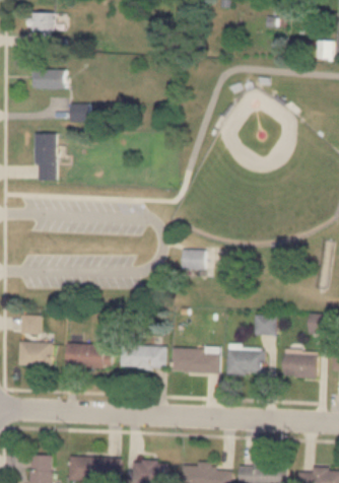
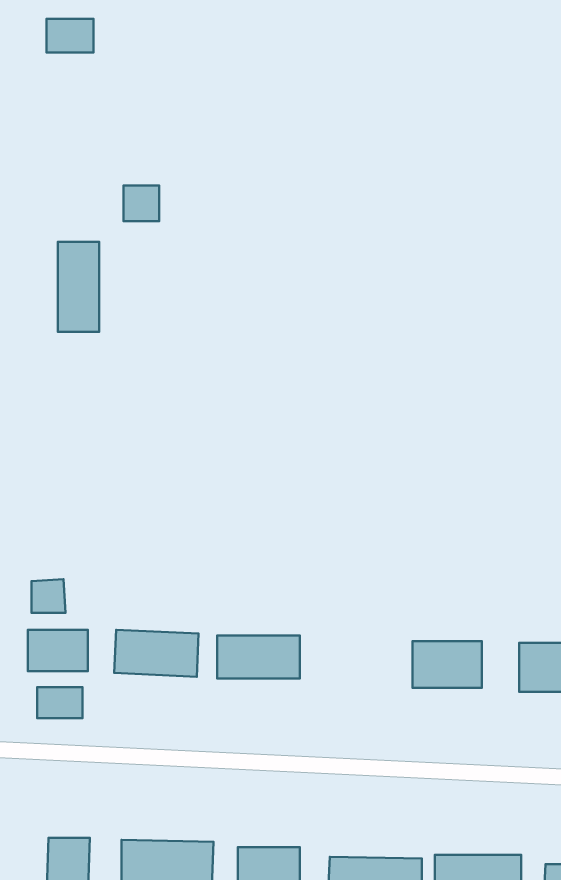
building: [31,69,65,87] -> none
building: [181,250,204,271] -> none
building: [172,348,219,373] -> none
building: none -> [37,687,83,718]

